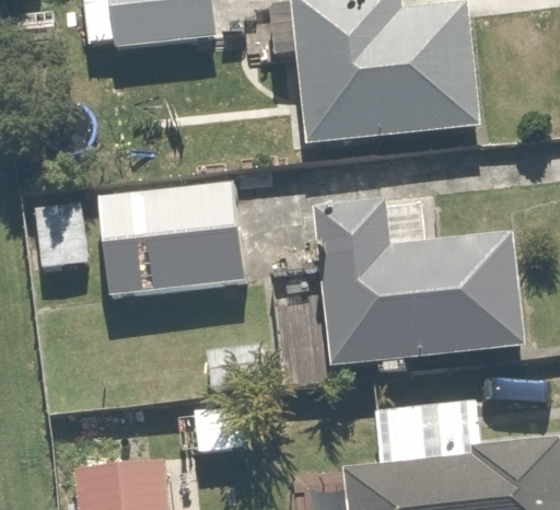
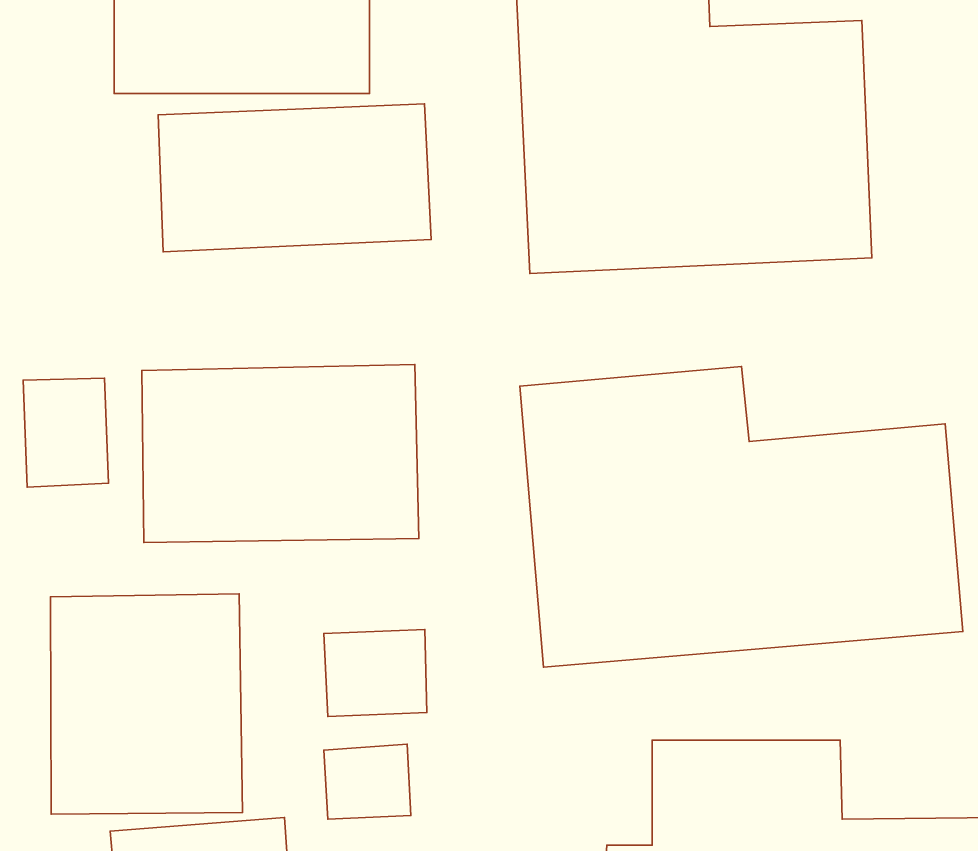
building: none -> [158,104,431,252]
building: none -> [50,594,242,814]

